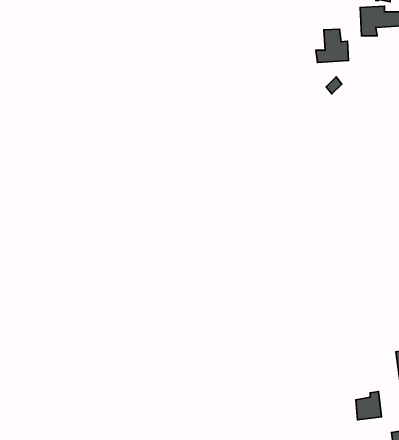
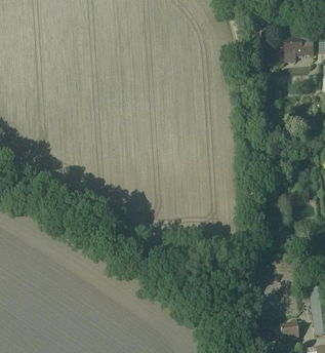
building: [316,29,349,62] -> none

